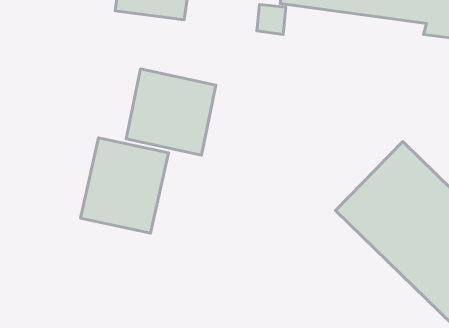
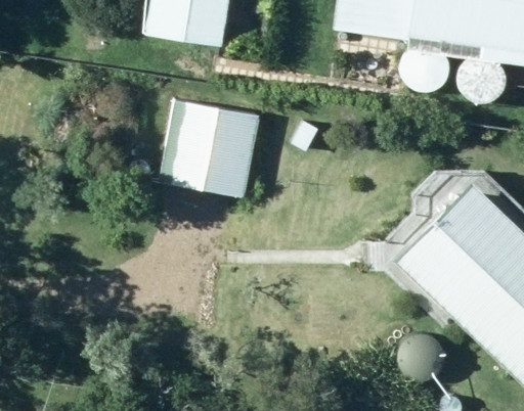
building: [81,138,168,233] -> none

